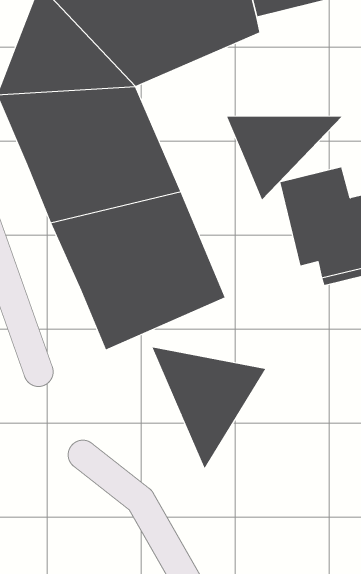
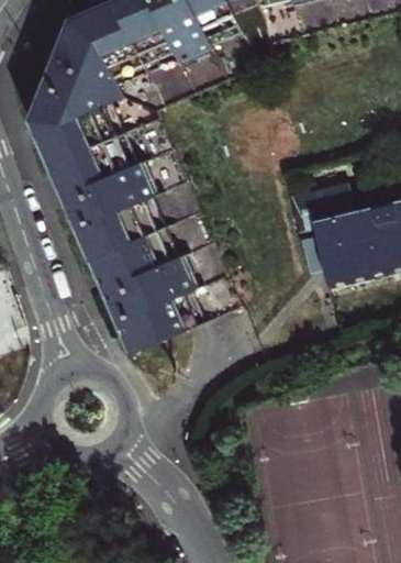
building: [226,116,343,201] -> none
building: [152,347,266,469] -> none

